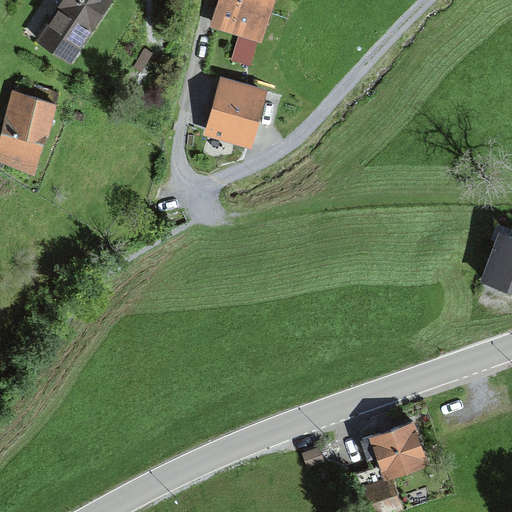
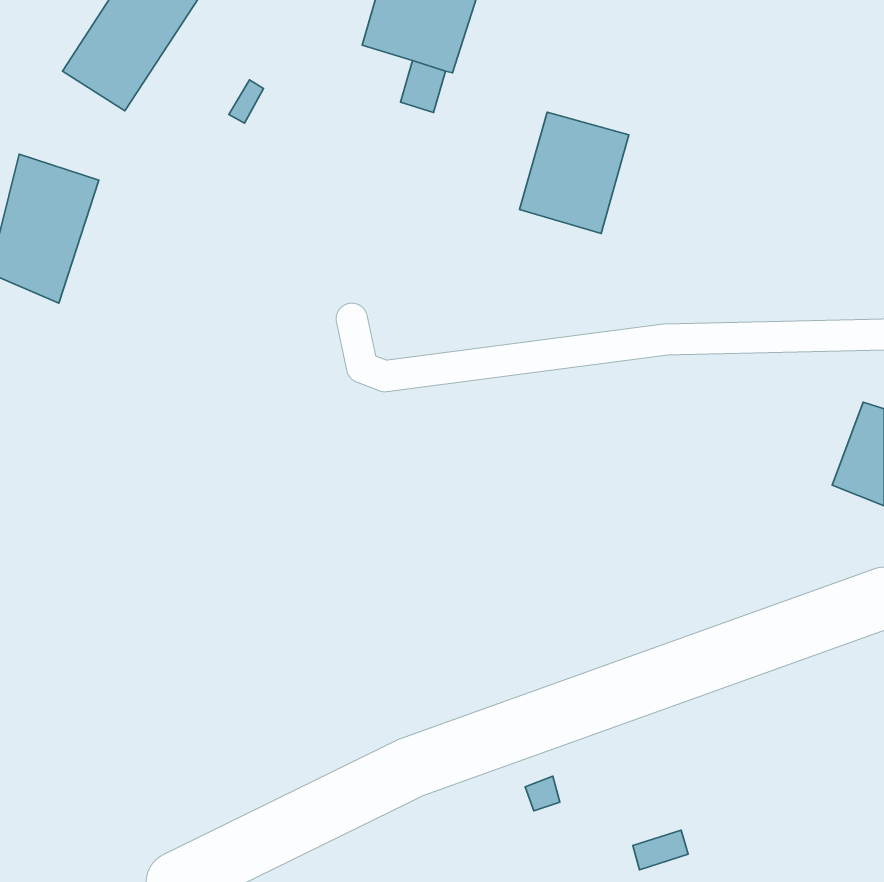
building: [205,77,268,147] -> [520,112,629,234]
building: [359,421,428,479] -> none

